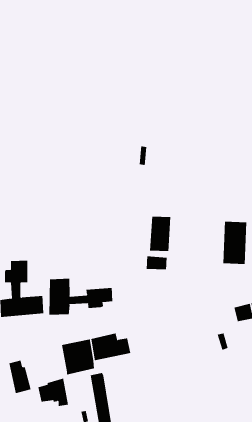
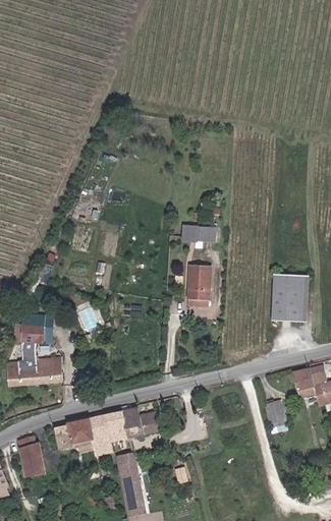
building: none -> [182,225,217,243]
building: [146,256,167,270] -> none
building: [49,278,113,316] -> none
building: [37,378,69,406] -> [50,418,88,453]

